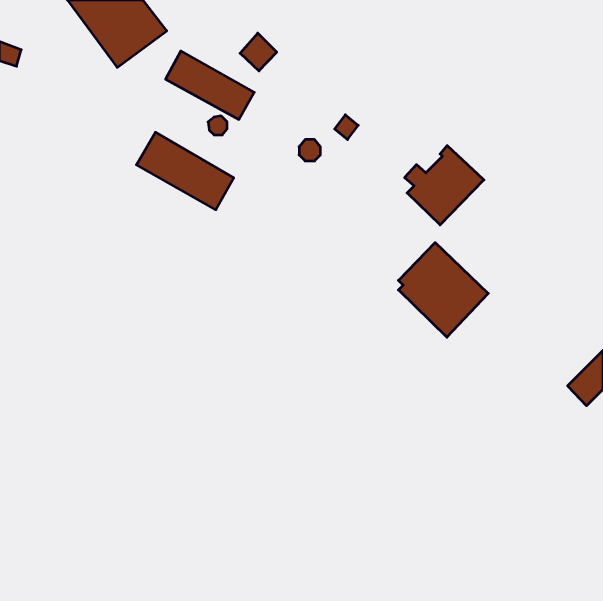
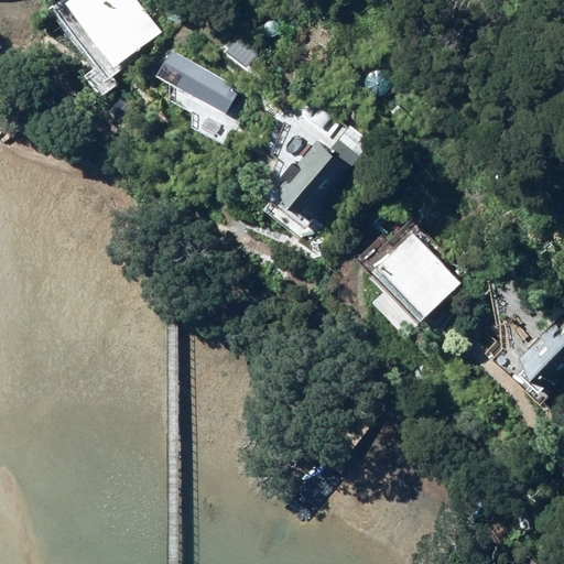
building: [136,132,234,210] -> none
building: [405,146,484,225] -> [276,143,350,217]

